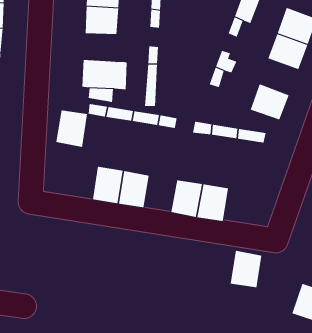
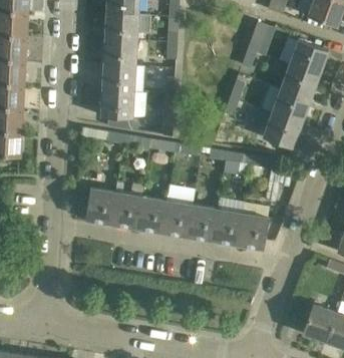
building: none -> [101,64,142,91]
building: none -> [271,88,309,123]
building: [56,110,88,147] -> [84,188,115,224]
building: none -> [160,201,192,236]
building: [230,250,262,288] -> [237,213,268,249]

